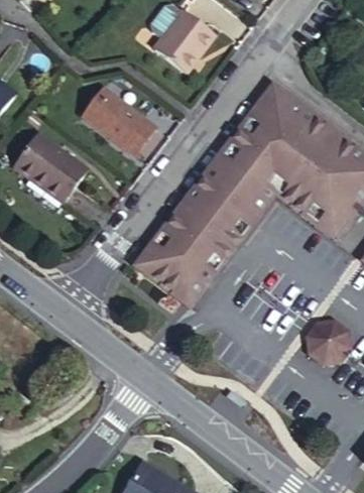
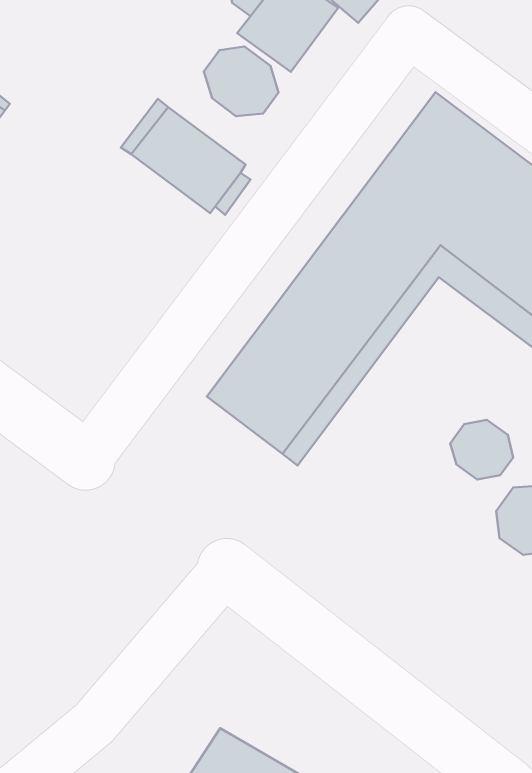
building: none -> [204,47,279,116]
building: [15,134,88,201] -> none
building: none -> [450,420,513,479]

